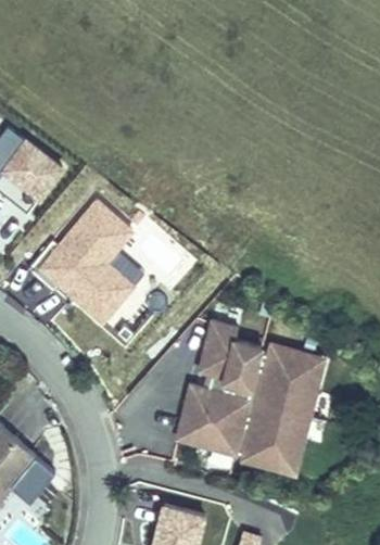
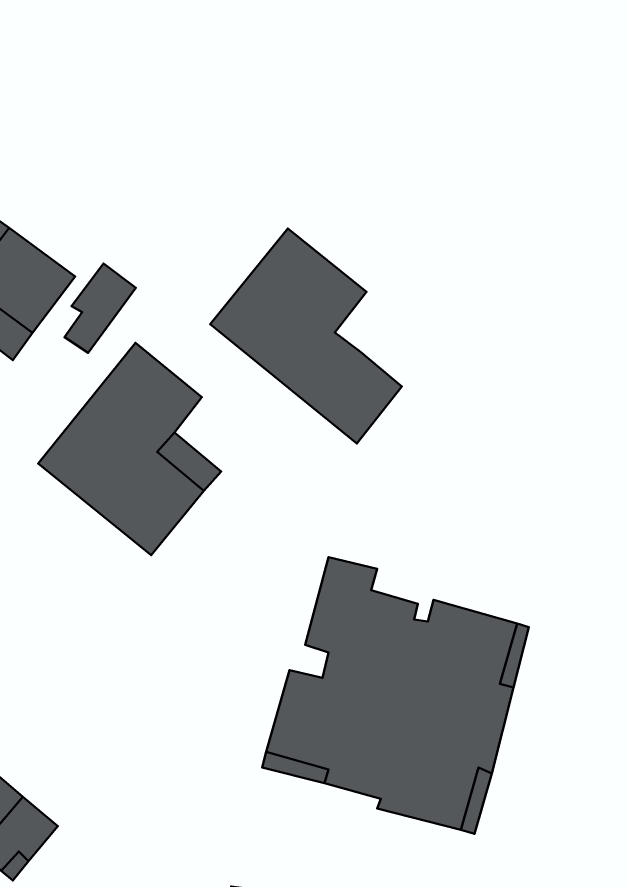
building: none -> [210,228,402,443]
building: none -> [65,263,136,353]

